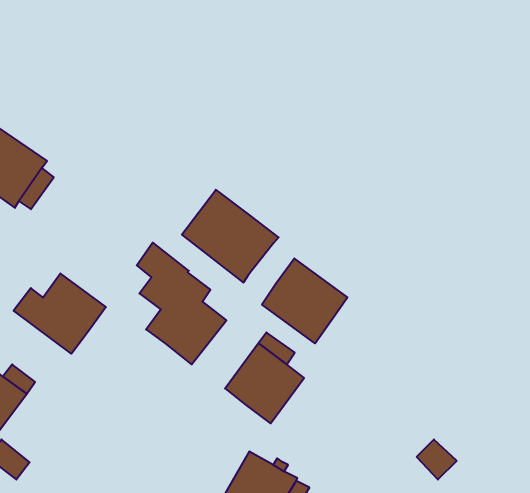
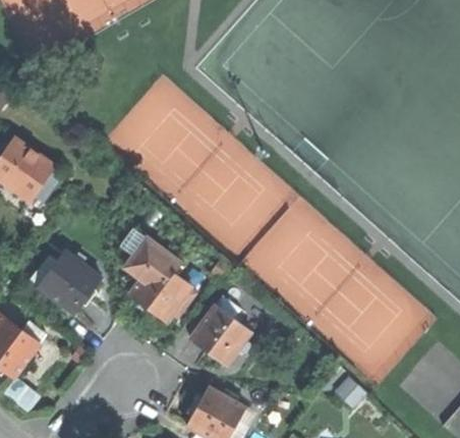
building: [182,190,279,283] -> none
building: [262,258,347,343] -> none

